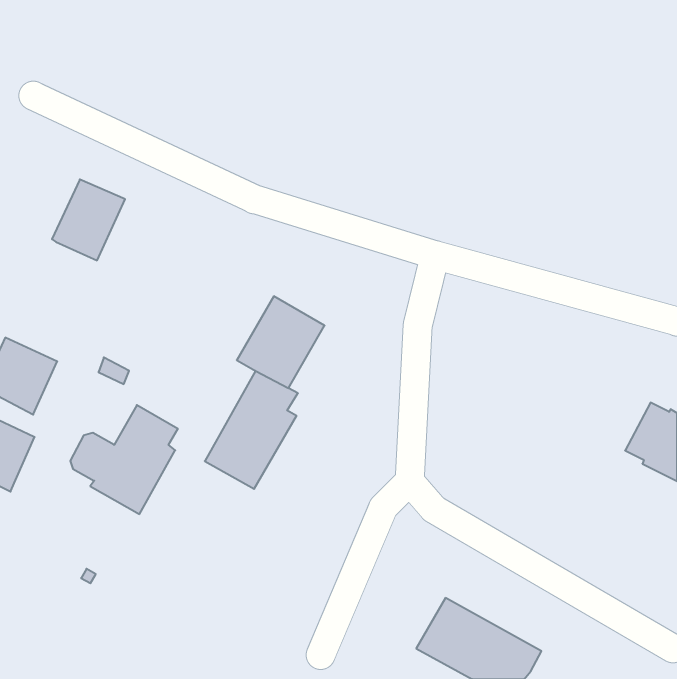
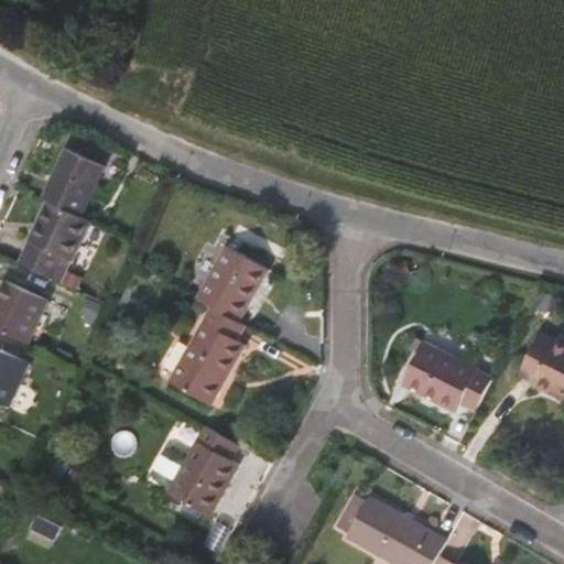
building: none -> [18,200,88,282]
building: [70,405,178,514] -> [151,426,240,517]
building: none -> [401,343,491,413]

